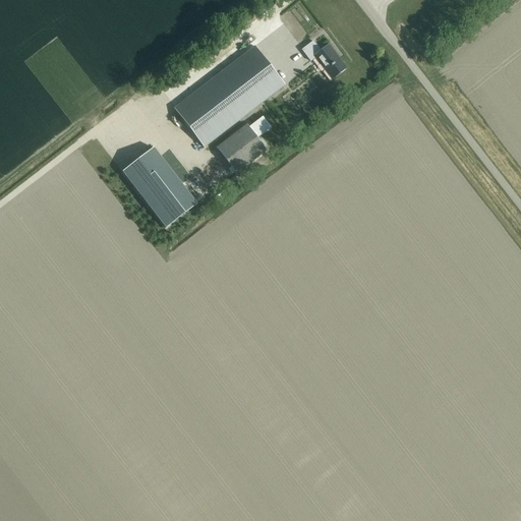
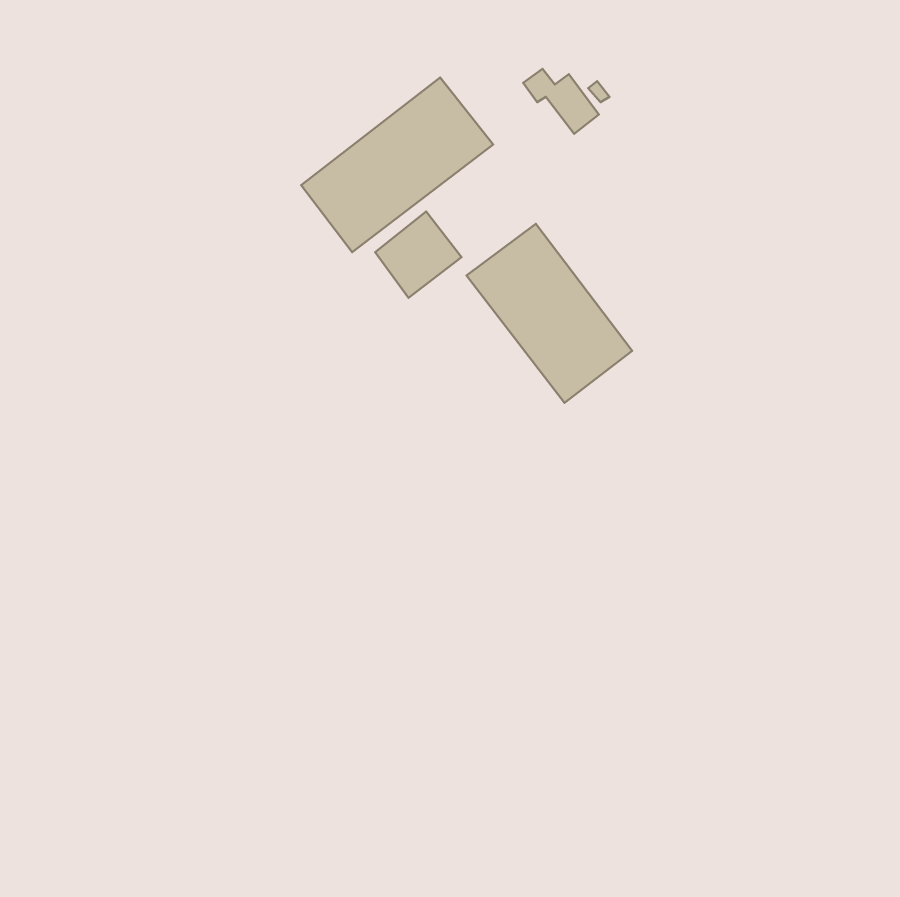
building: none -> [467,224,632,403]
building: [122,146,196,226] -> none

